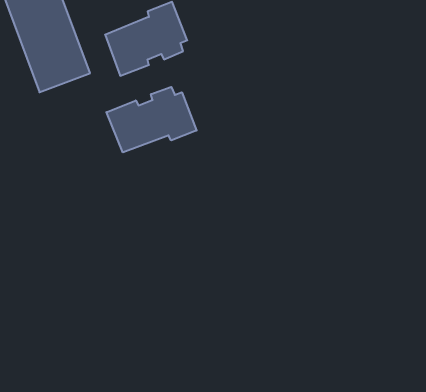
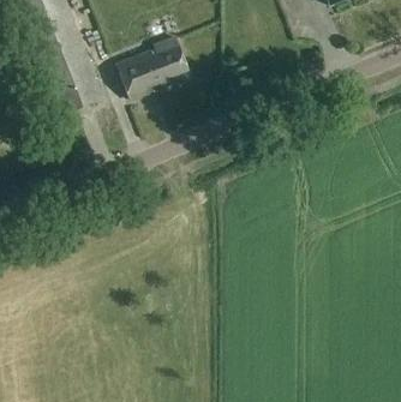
building: [106,87,197,152] -> none

